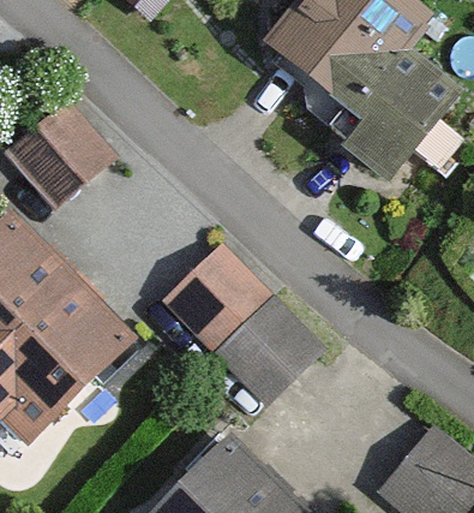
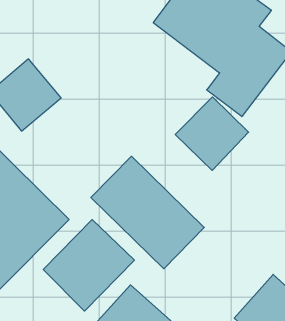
building: none -> [175,97,249,170]
building: none -> [43,220,134,311]

